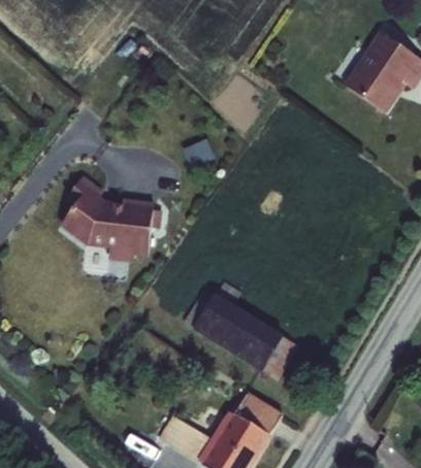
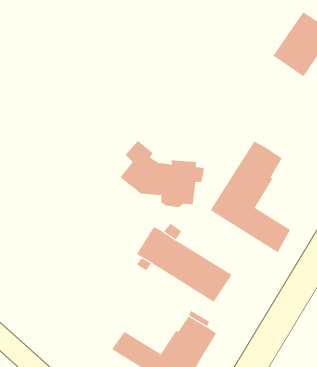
building: [61,178,162,259] -> [120,140,205,208]
building: none -> [210,141,291,253]

